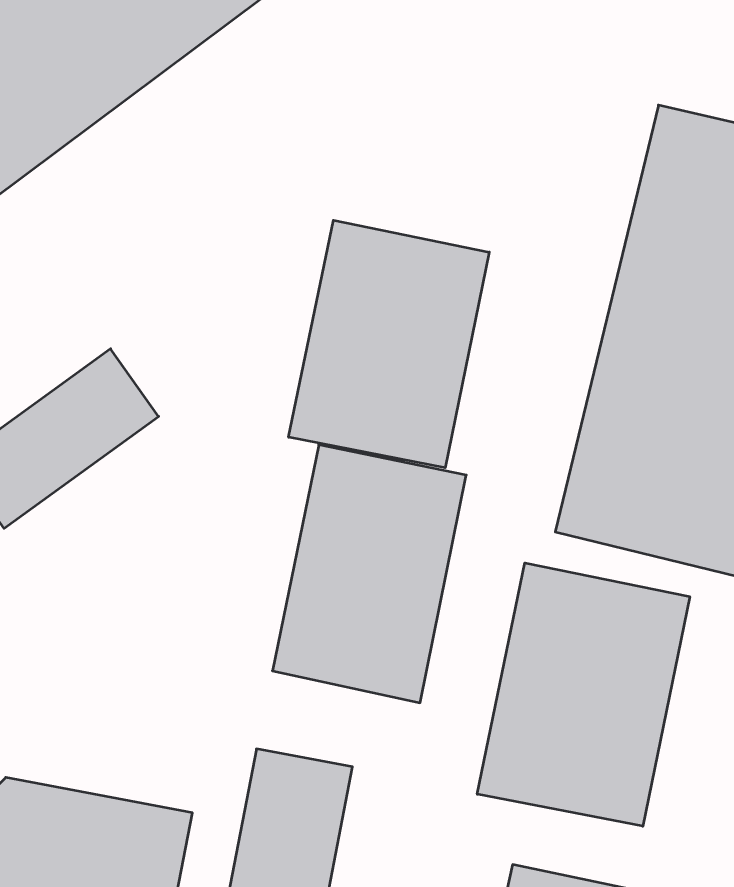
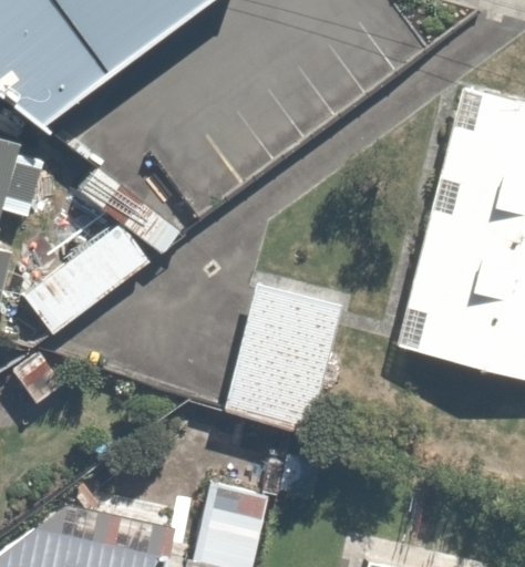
building: [289,220,489,468] -> none
building: [477,563,690,826] -> none

